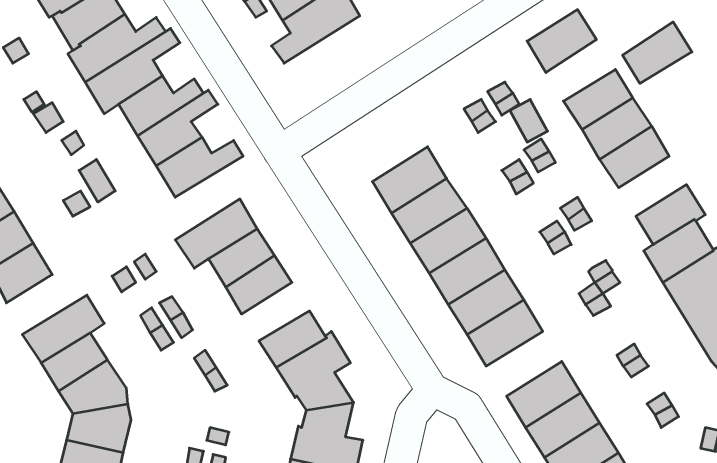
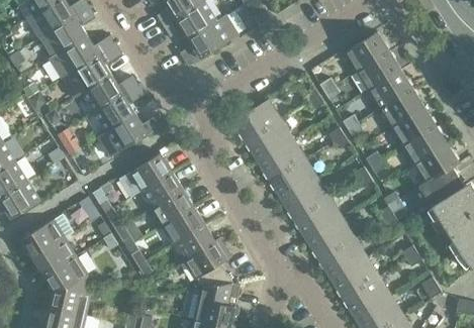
building: [623,22,692,83] -> [357,50,401,90]
building: none -> [232,99,281,141]
building: none -> [403,125,447,163]
building: none -> [162,206,205,243]
building: none -> [318,237,367,279]

